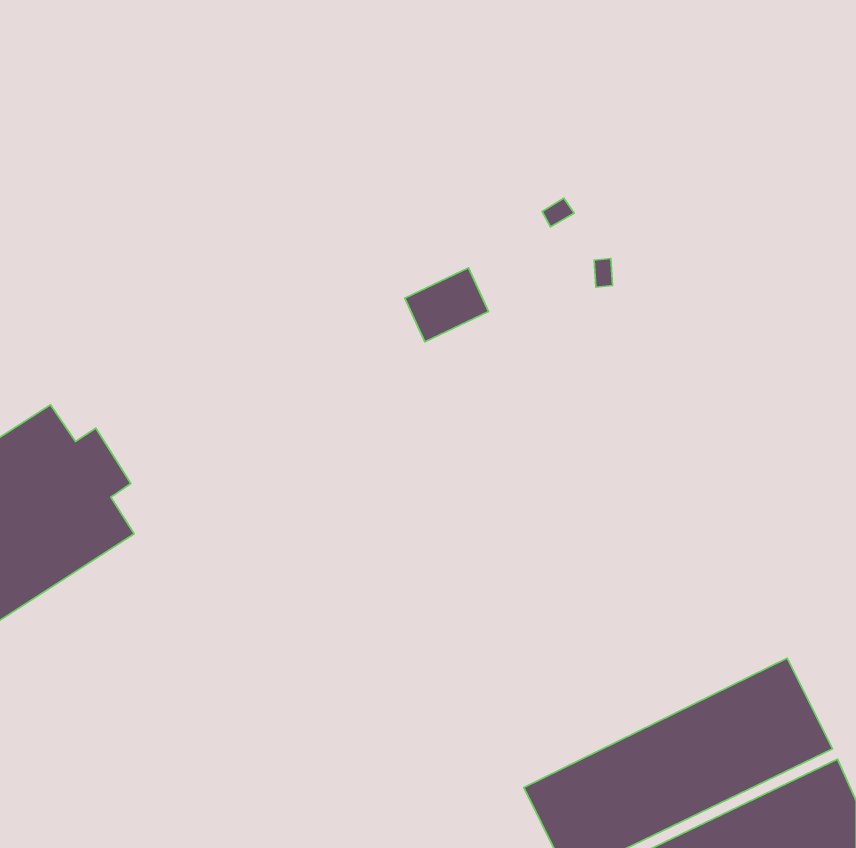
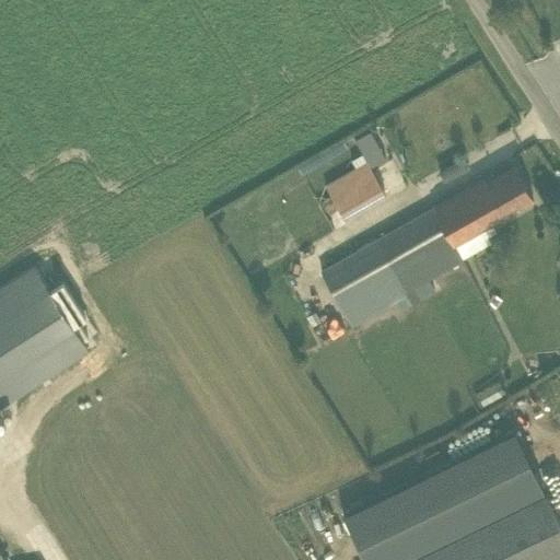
building: none -> [320,172,532,330]
building: [405,268,489,342] -> [330,166,385,214]

